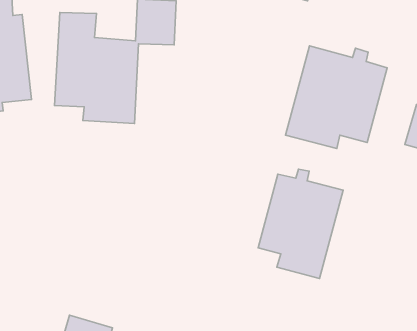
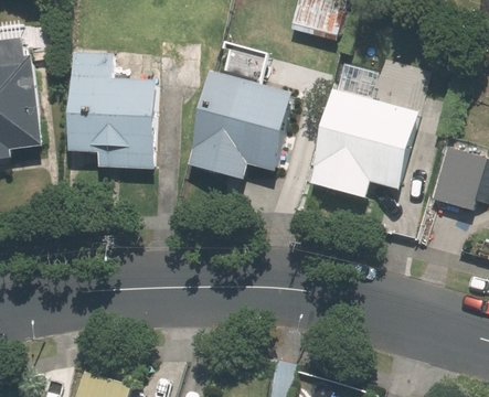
building: none -> [189,46,294,178]
building: [258,169,343,279] -> none

